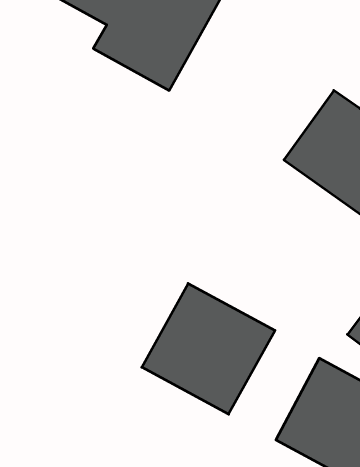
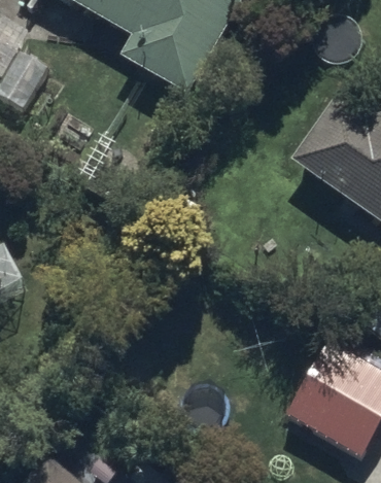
building: [142,283,275,414] -> none

